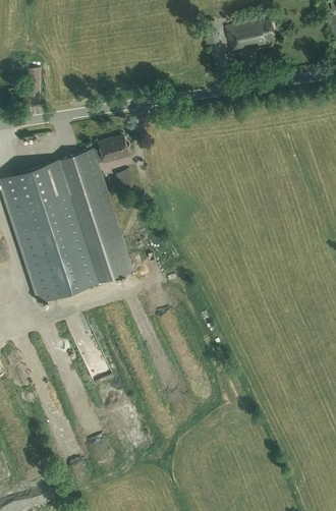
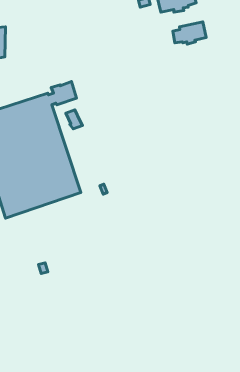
building: none -> [173,22,206,44]

